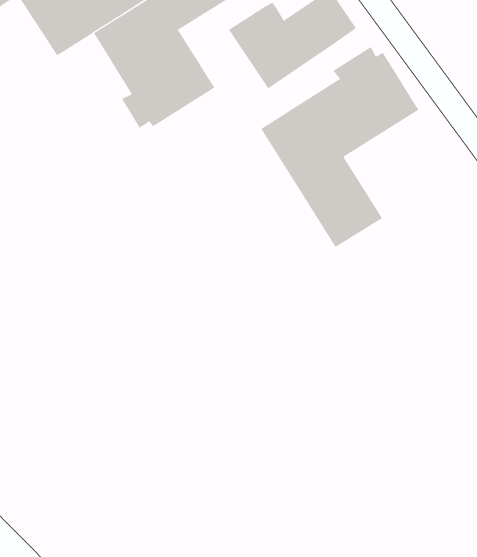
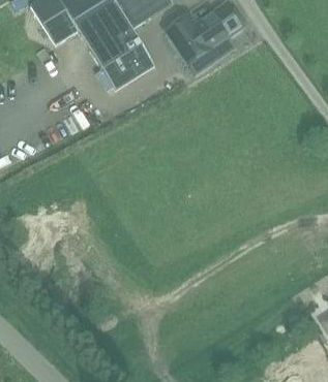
building: [260,46,419,248] -> none

